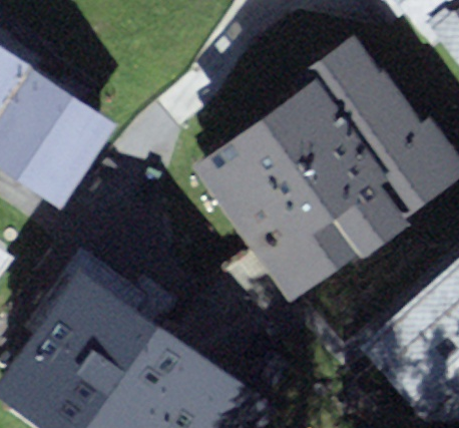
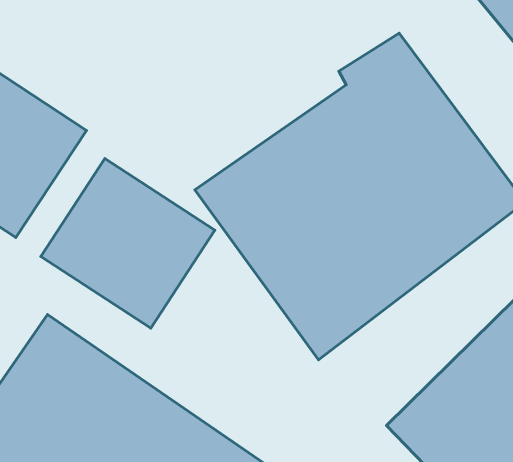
building: none -> [41,158,215,328]

